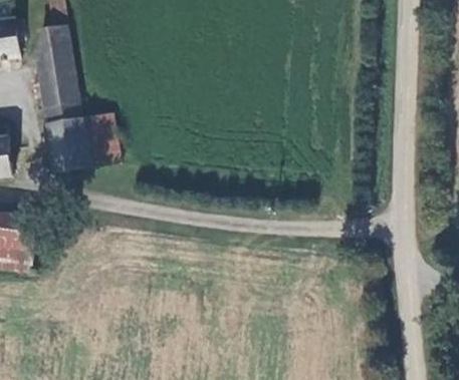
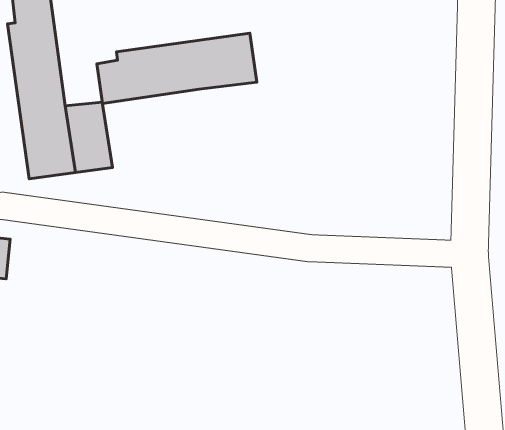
building: none -> [97,33,257,103]

